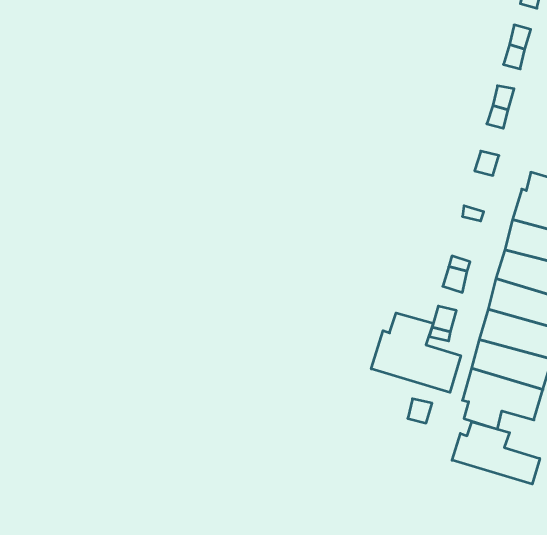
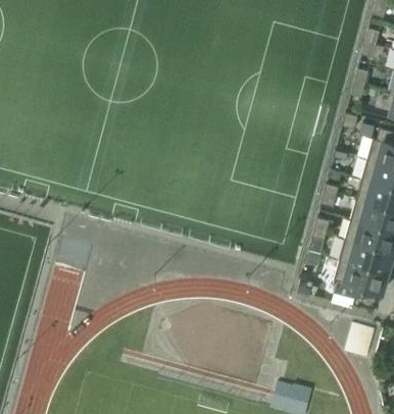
building: [371,313,461,392] -> none
building: [452,422,540,484] -> none

